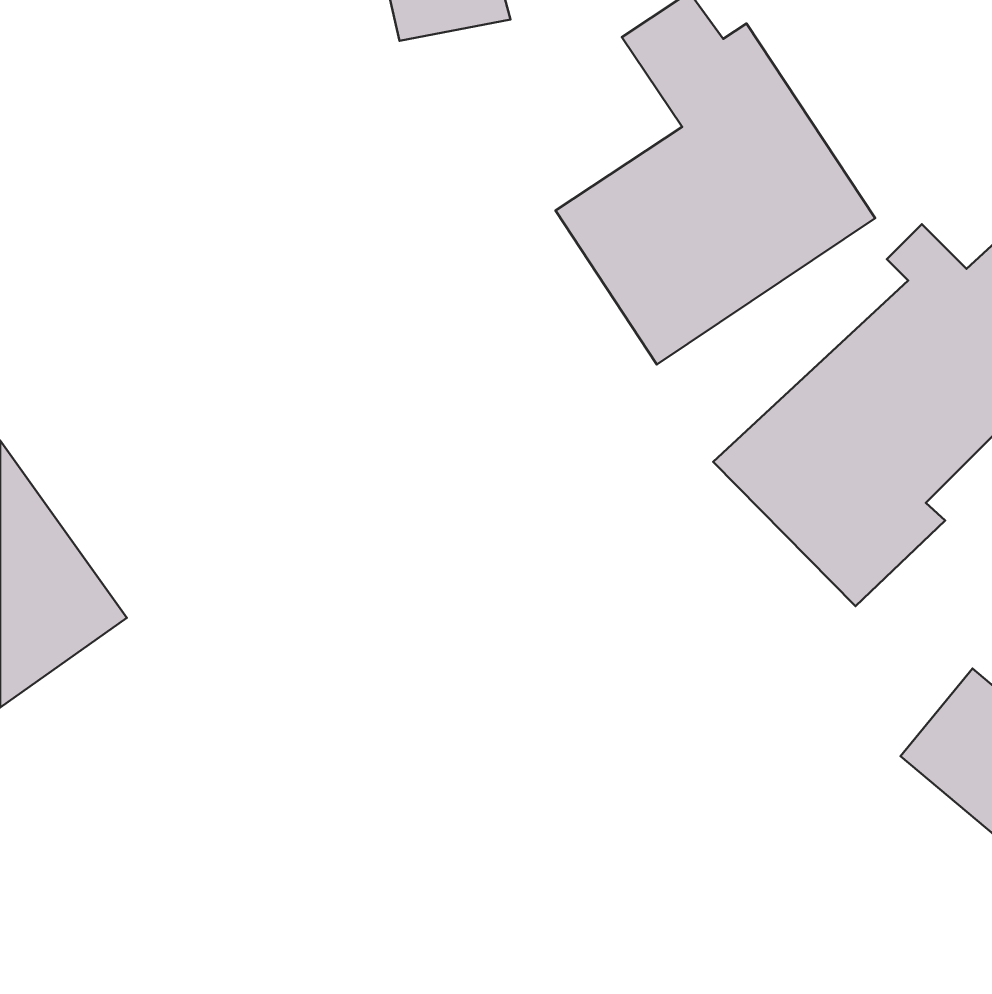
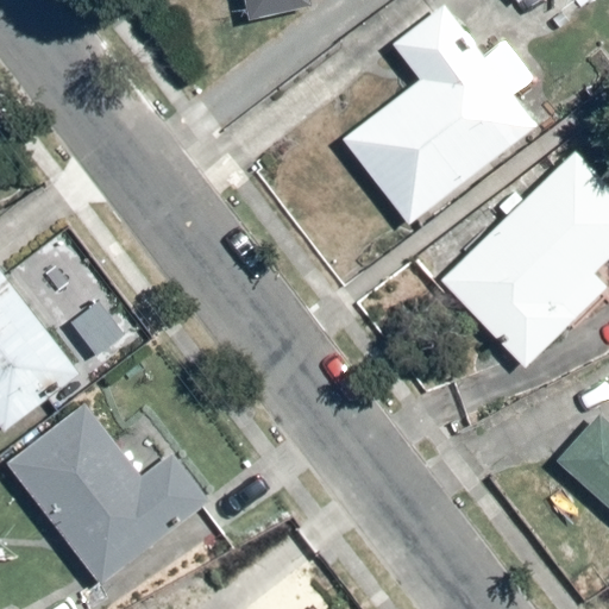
building: none -> [7,390,209,584]

